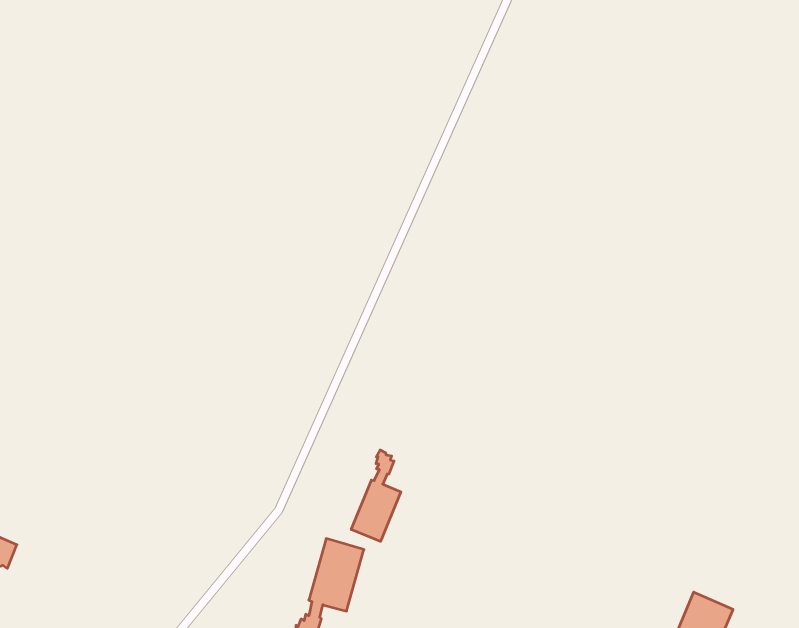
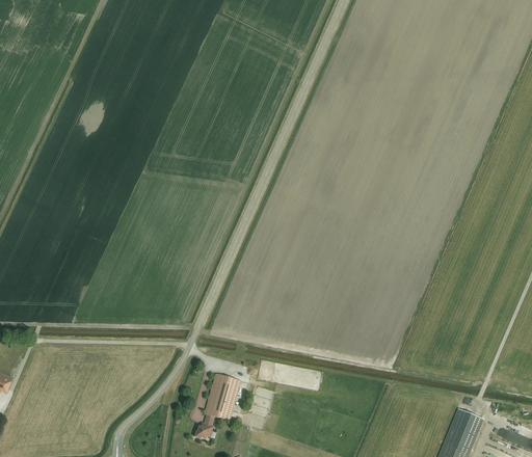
building: [351,450,401,541] -> none

